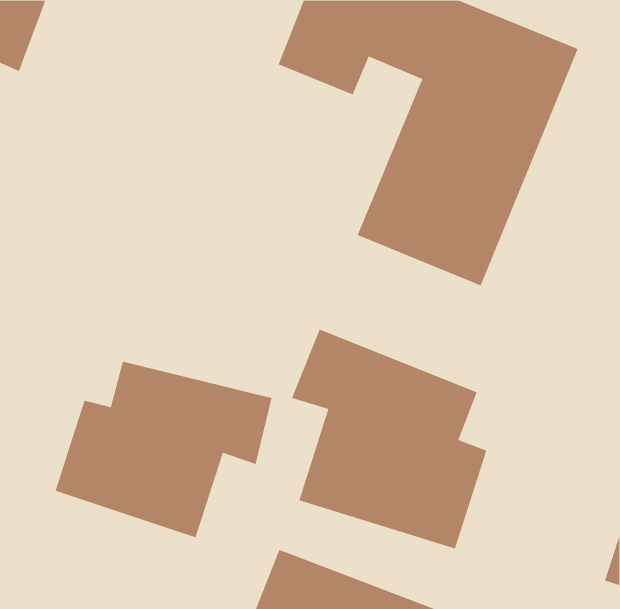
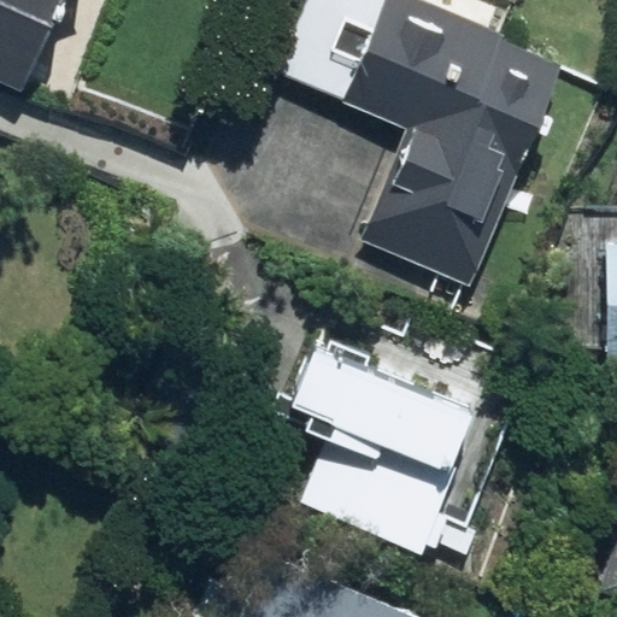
building: [55,361,272,538] -> none

